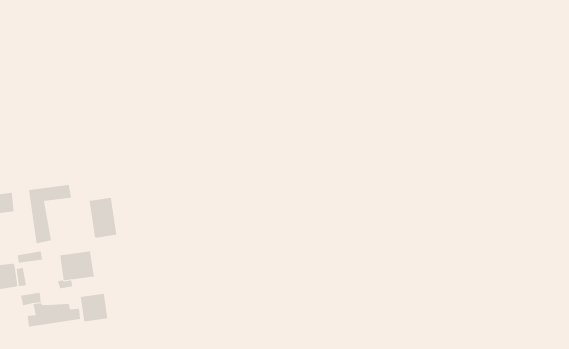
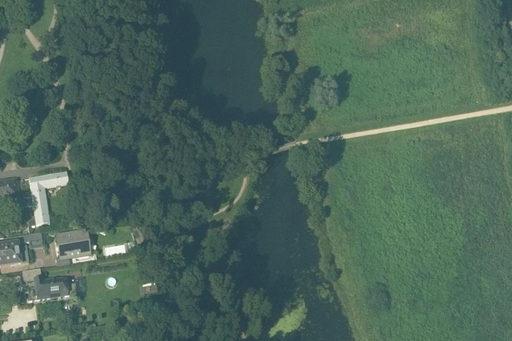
building: [89,197,117,238] -> none
building: [80,293,108,322] -> none

